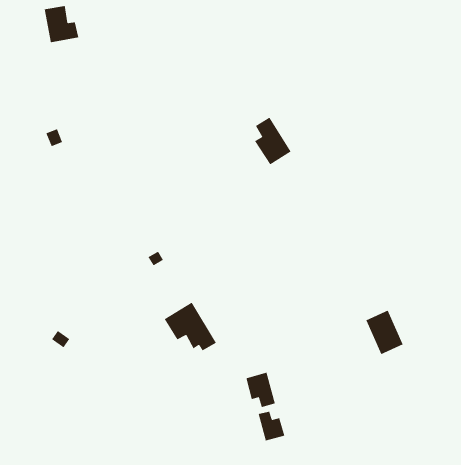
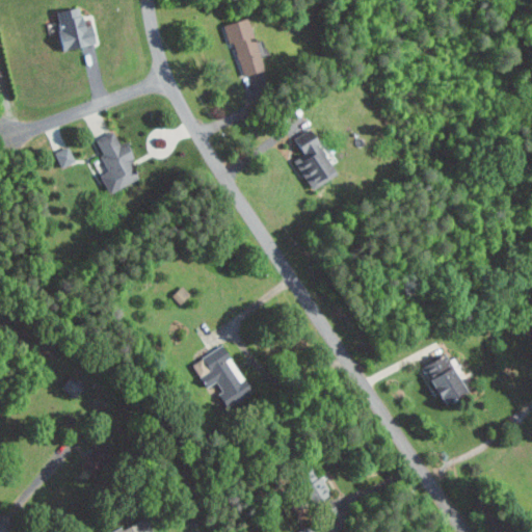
building: none -> [229,18,264,77]
building: none -> [96,132,136,194]
building: [246,372,276,408] -> none

